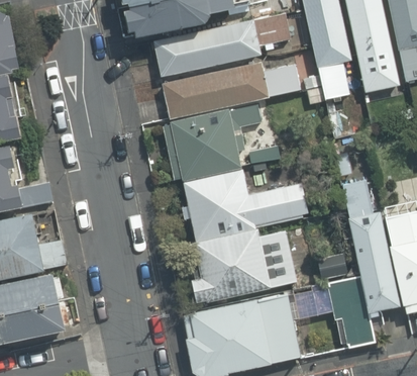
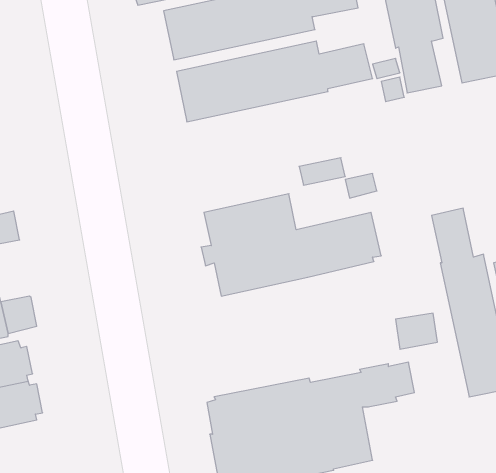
building: [164,106,263,181] -> none
building: [188,228,296,301] -> none
building: [326,277,374,349] -> none

